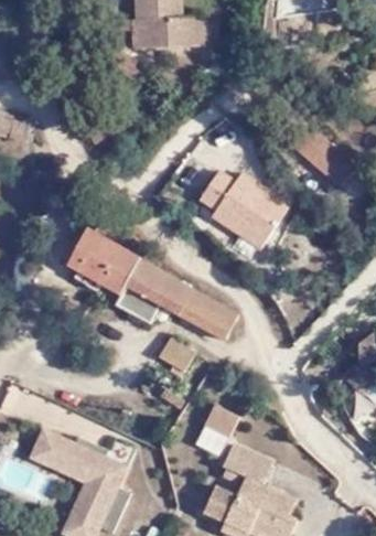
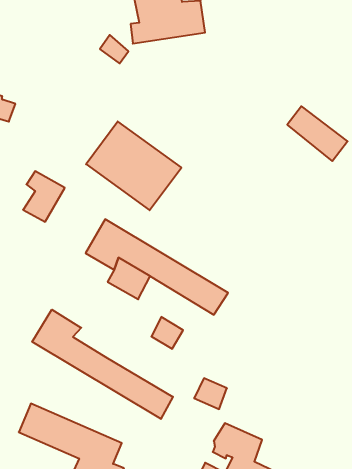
building: [191,160,287,249] -> [86,121,181,210]
building: [68,225,110,276] -> [23,171,65,222]
building: none -> [32,310,173,419]

